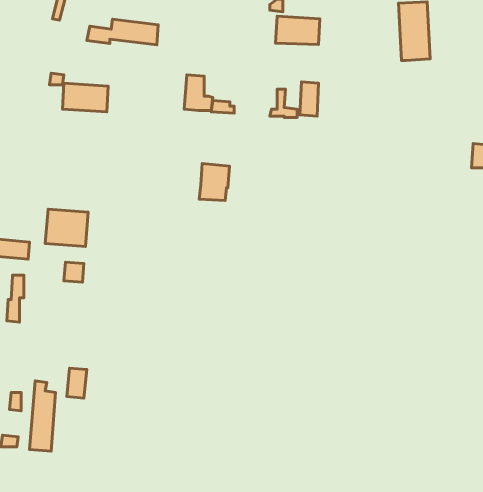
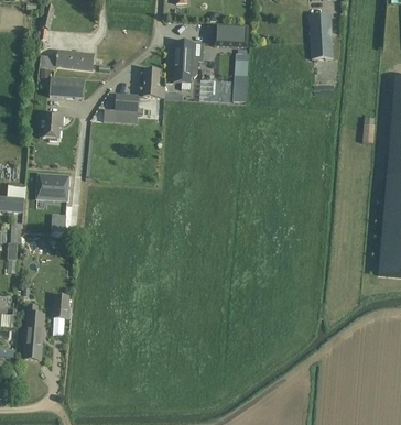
building: [87,19,158,45] -> [39,50,94,69]
building: none -> [173,41,197,83]
building: none -> [40,112,63,141]
building: [199,163,229,201] -> [115,94,138,122]

